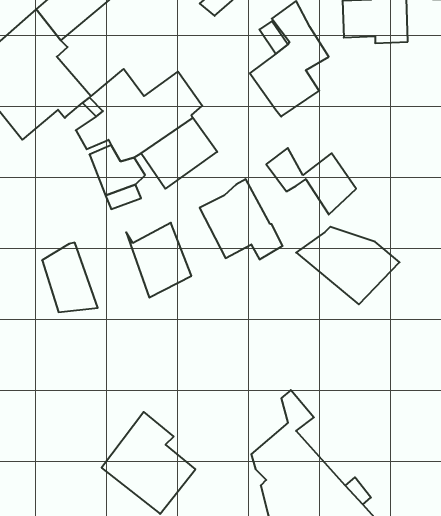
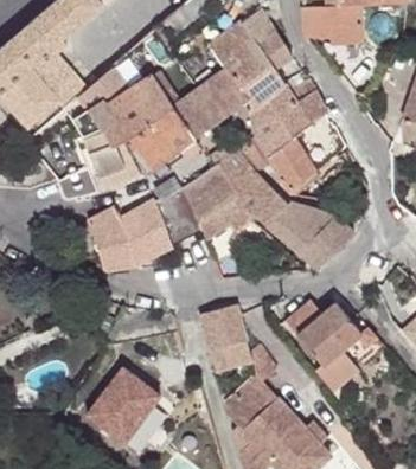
building: none -> [172,70,245,139]
building: none -> [247,79,327,159]
building: none -> [219,149,288,226]
building: none -> [154,187,201,246]
building: [42,243,98,312] -> [87,208,135,269]
building: none -> [199,303,250,365]
building: none -> [284,304,359,391]

